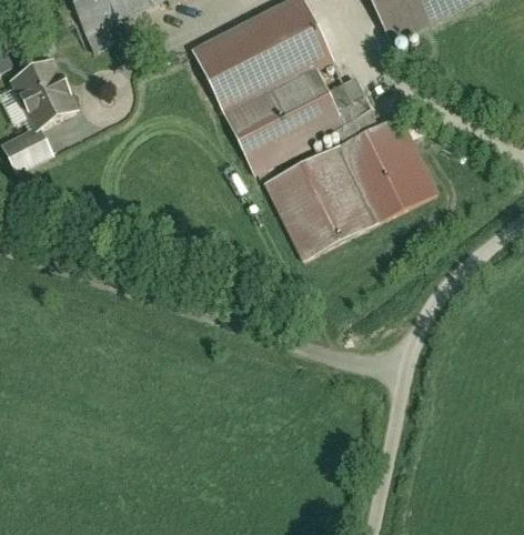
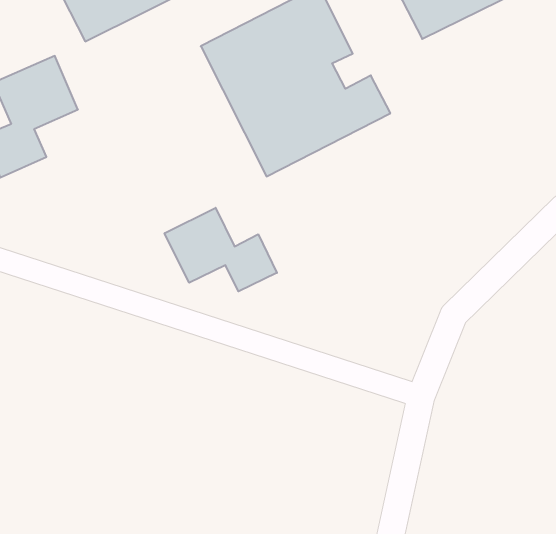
building: [261,110,441,259] -> none
building: none -> [165,208,277,291]

